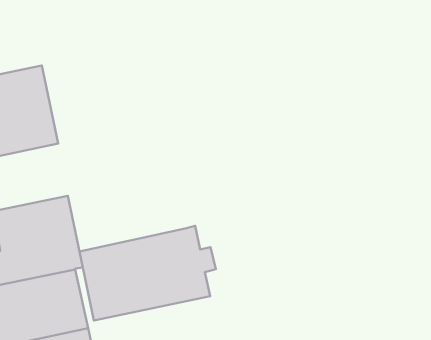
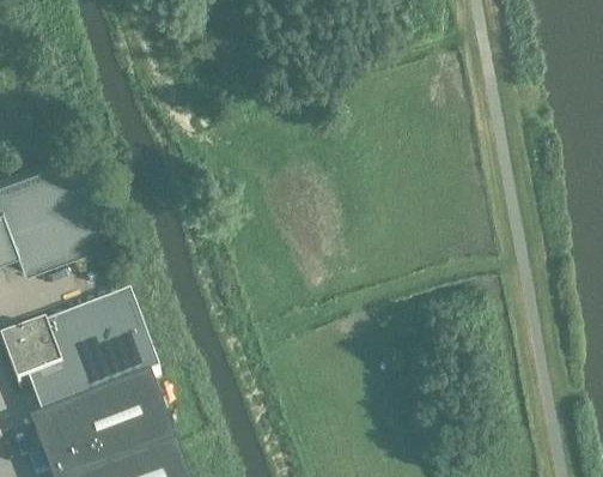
building: [79,226,216,321] -> none

